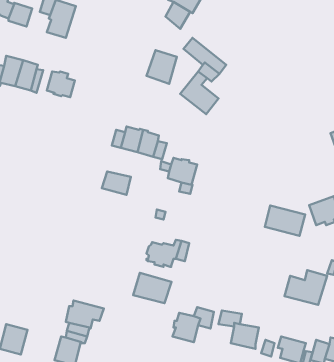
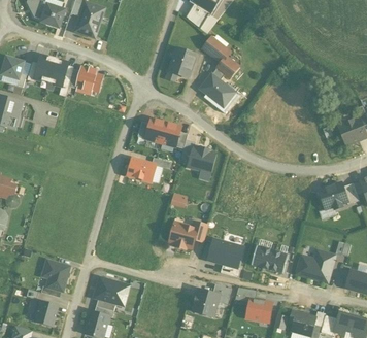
building: [265,206,305,236] -> [249,244,287,272]
building: [133,273,171,303] -> [207,238,242,266]
building: none -> [42,259,69,291]

